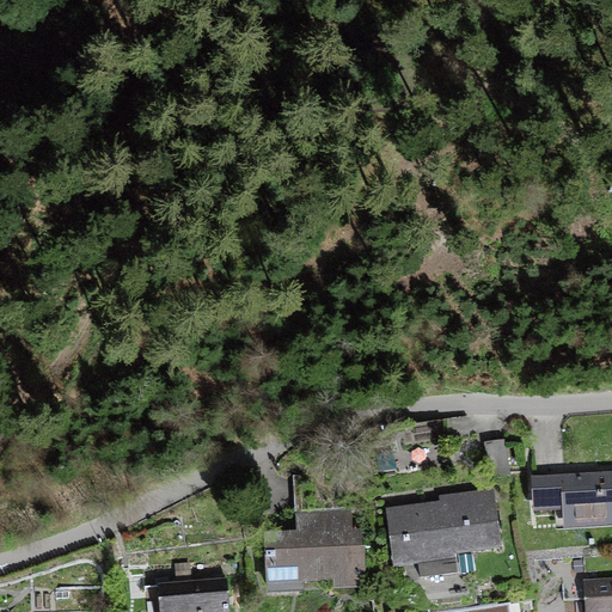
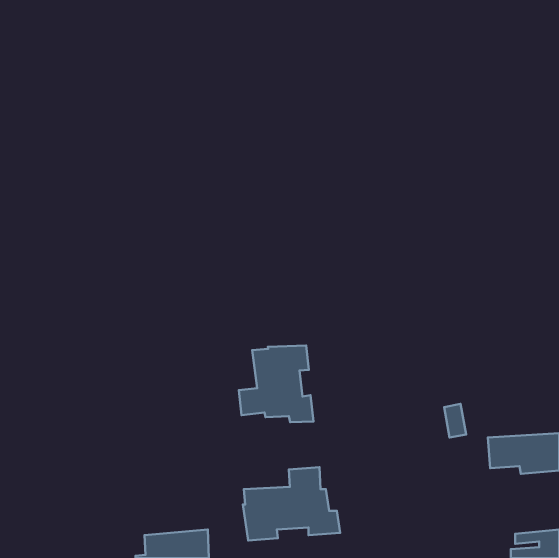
building: none -> [239,345,313,422]
building: [396,494,497,577] -> none

